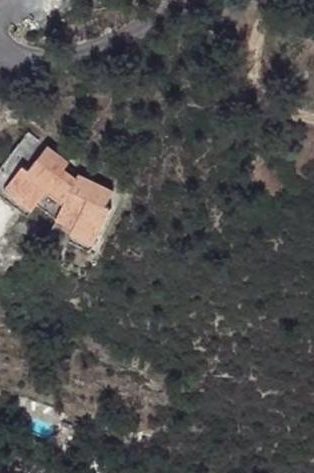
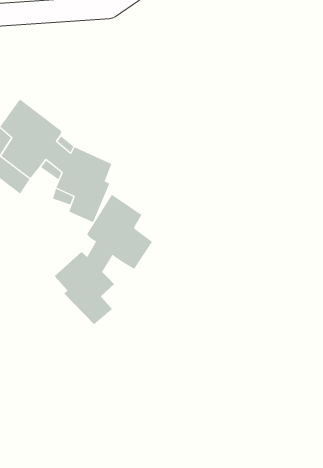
building: none -> [54,194,153,325]

